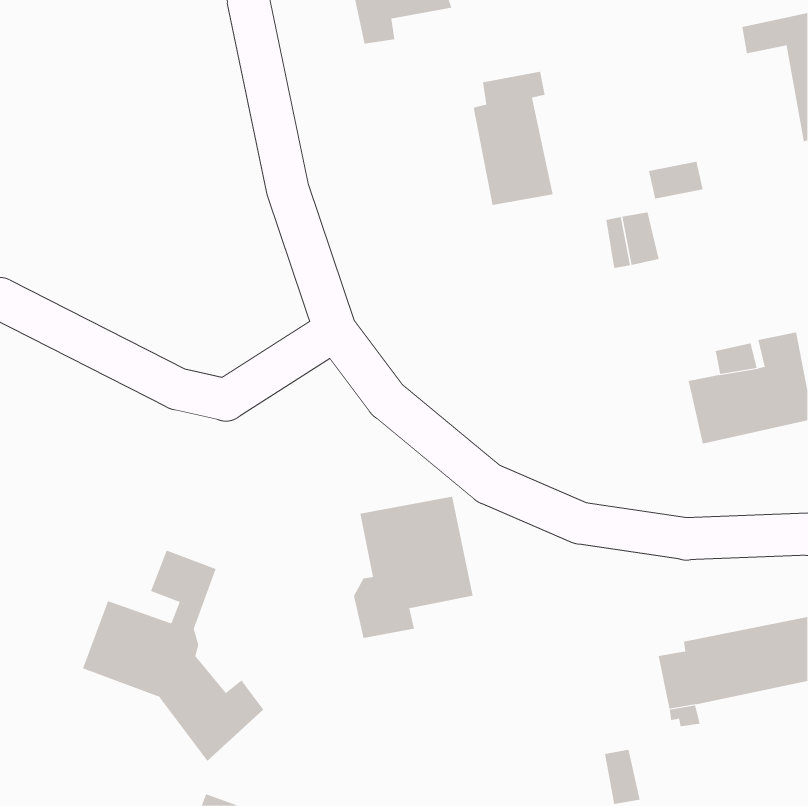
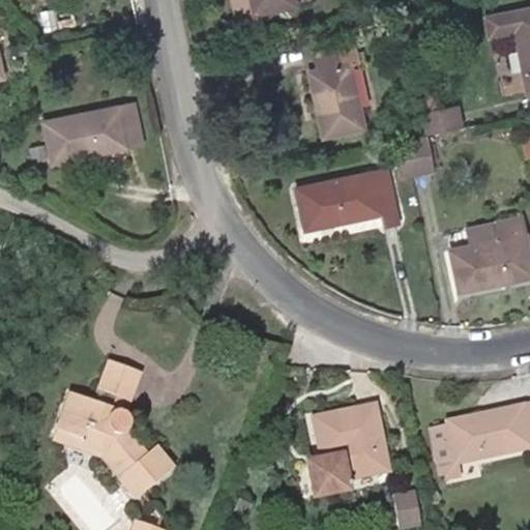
building: none -> [46,102,142,160]
building: none -> [295,168,396,228]
building: [353,496,473,638] -> [308,405,387,498]

